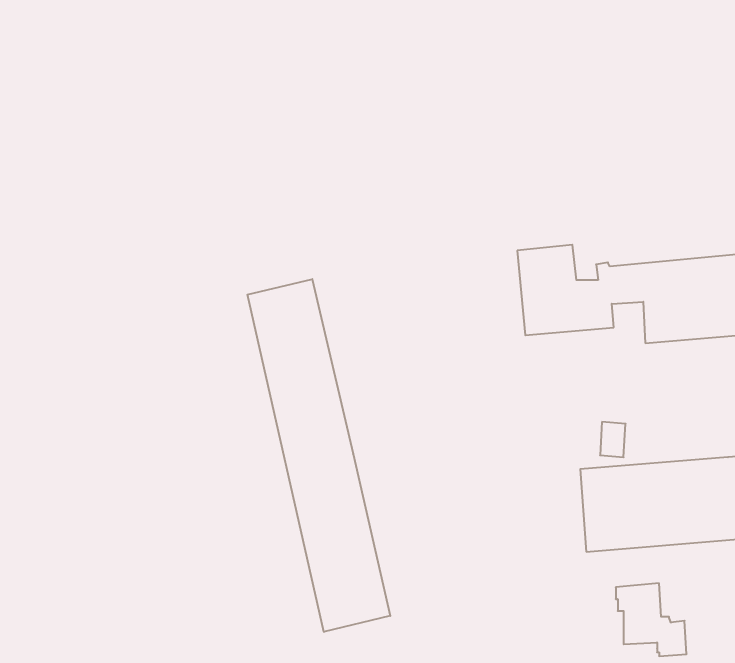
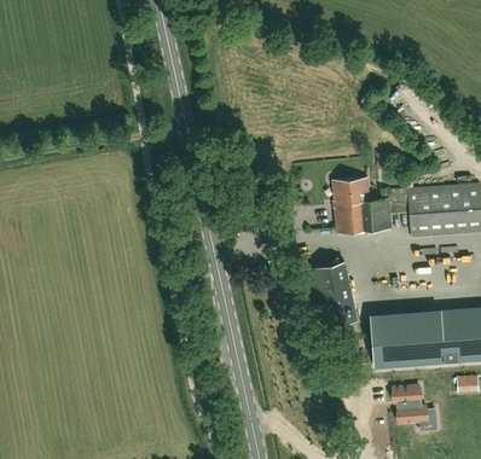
building: [247,279,390,632] -> none
building: none -> [306,261,355,327]

